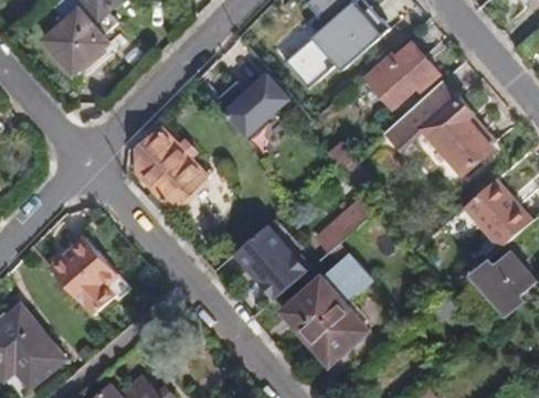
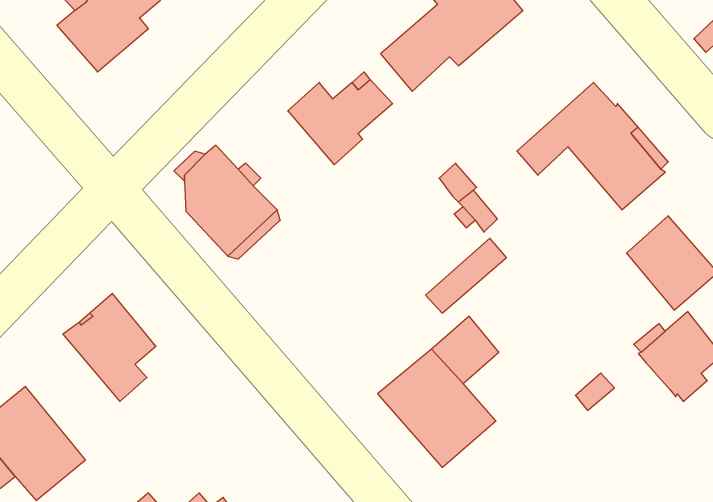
building: [363,43,438,107] -> none
building: [234,225,307,299] -> none

